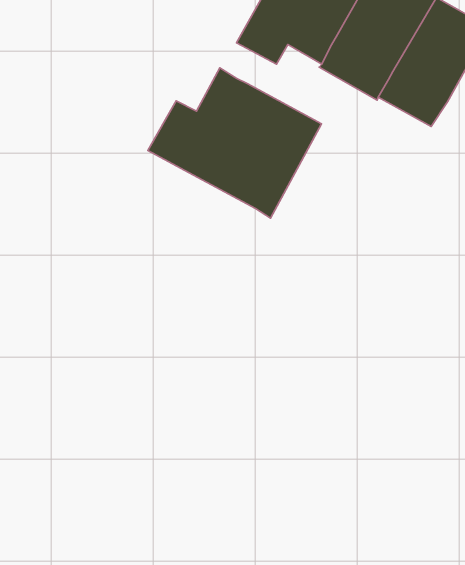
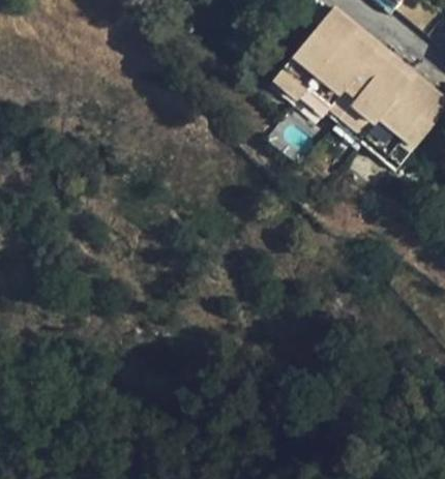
building: [148,68,322,218] -> none

